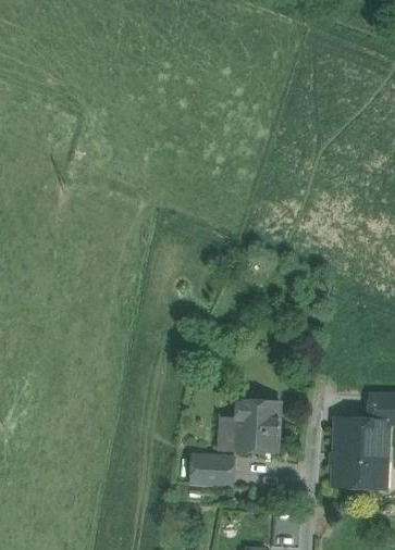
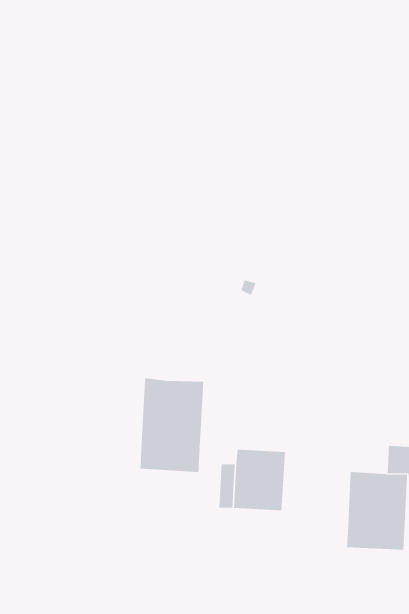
building: none -> [140,378,204,473]
building: [189,454,234,484] -> none

